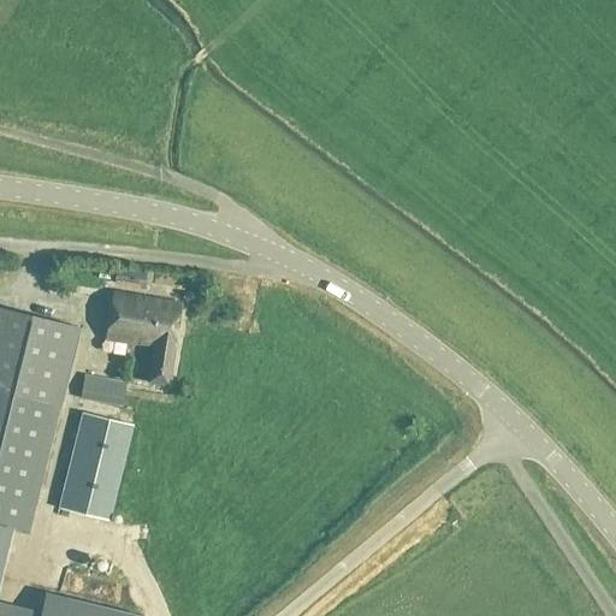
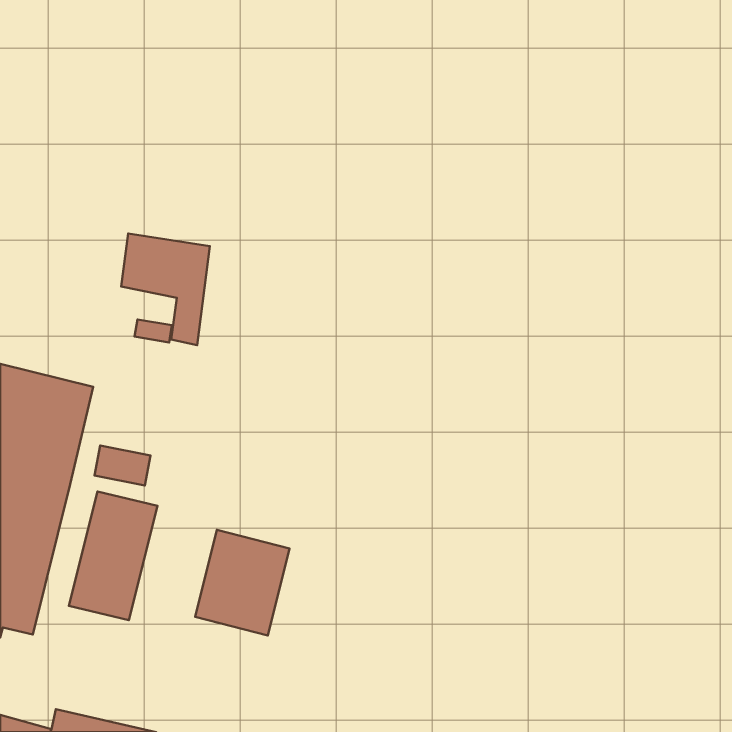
building: [105,292,179,386] -> [121,233,210,345]
building: none -> [195,530,290,636]

